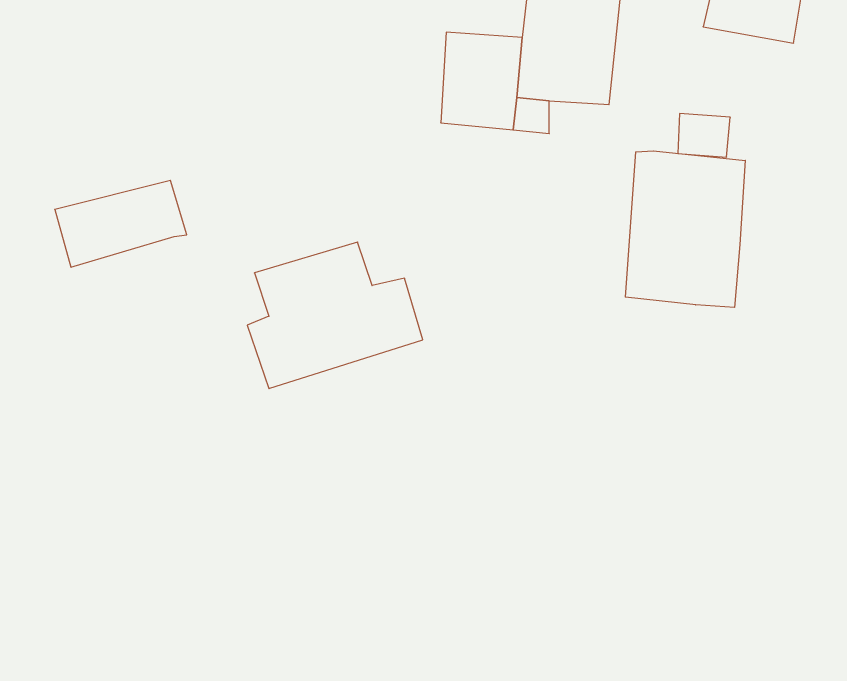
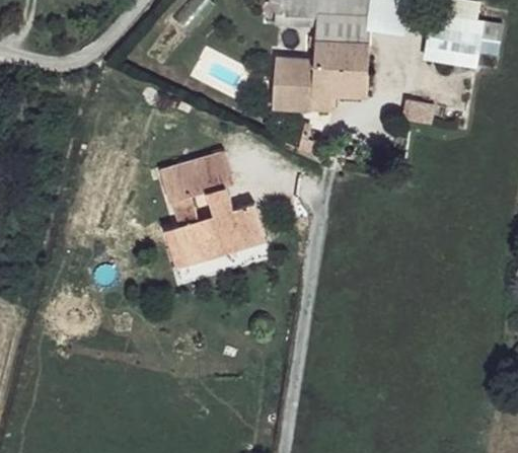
building: [625,151,745,307] -> none
building: [55,180,187,267] -> [158,148,232,197]

